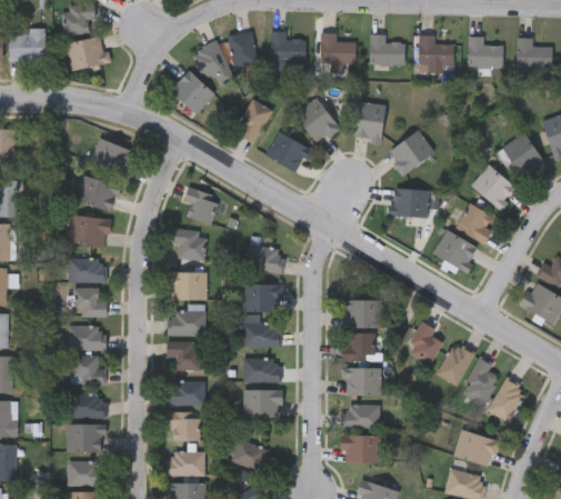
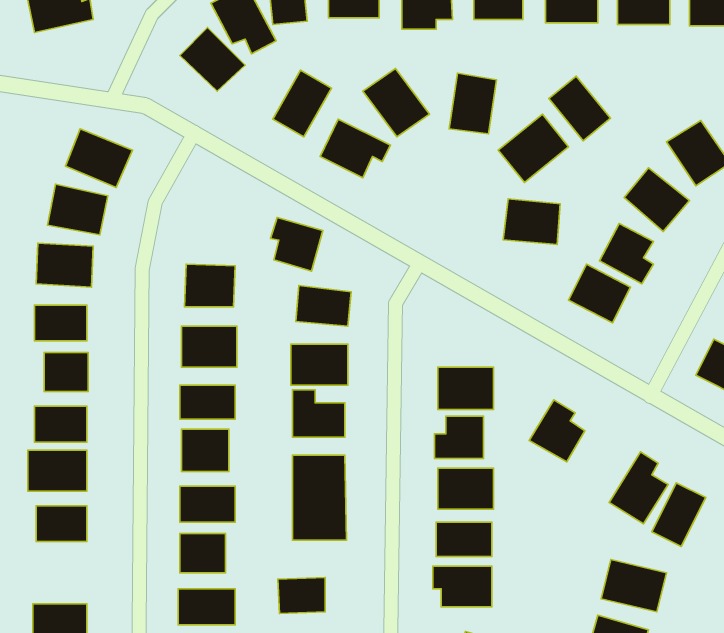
building: none -> [549,76,610,141]
building: [186,188,221,224] -> [271,217,323,271]
building: [438,343,477,387] -> none
building: [68,425,106,451] -> none

